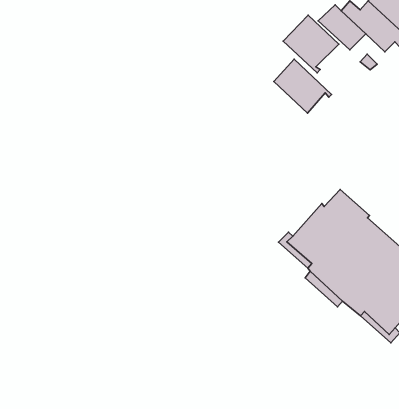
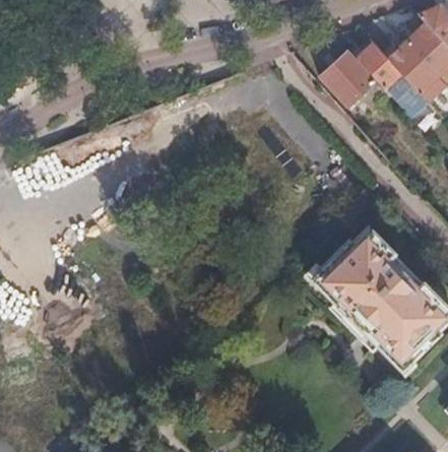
building: [274,59,332,113] -> none

